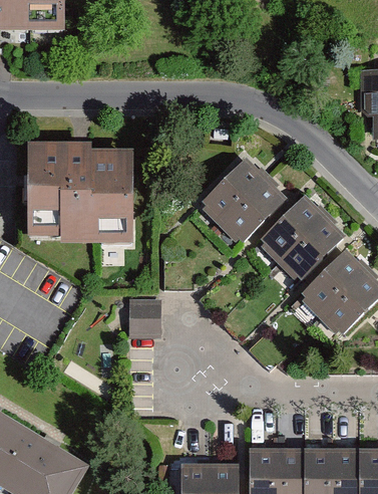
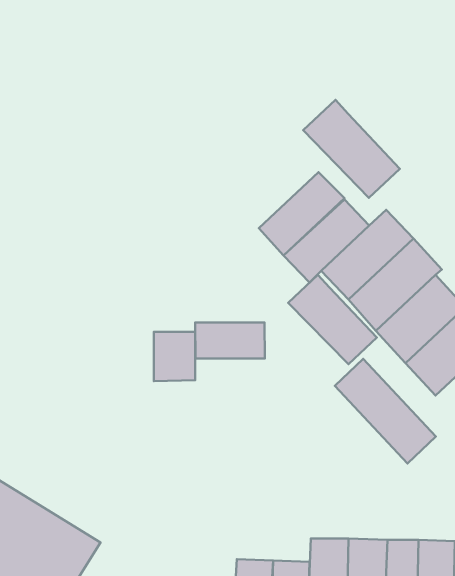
building: none -> [303,100,400,198]
building: [24,134,129,236] -> none
building: none -> [288,275,377,364]
building: none -> [195,322,265,358]
building: none -> [335,359,436,464]

